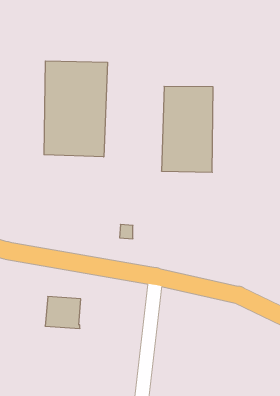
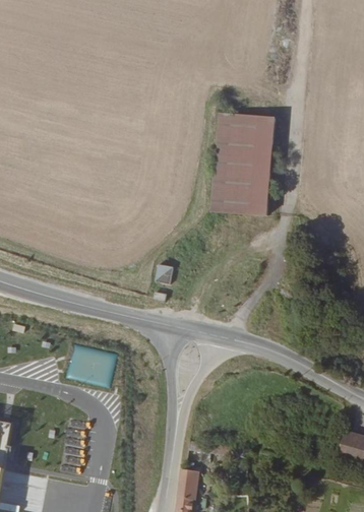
building: [44,61,107,157] -> none

